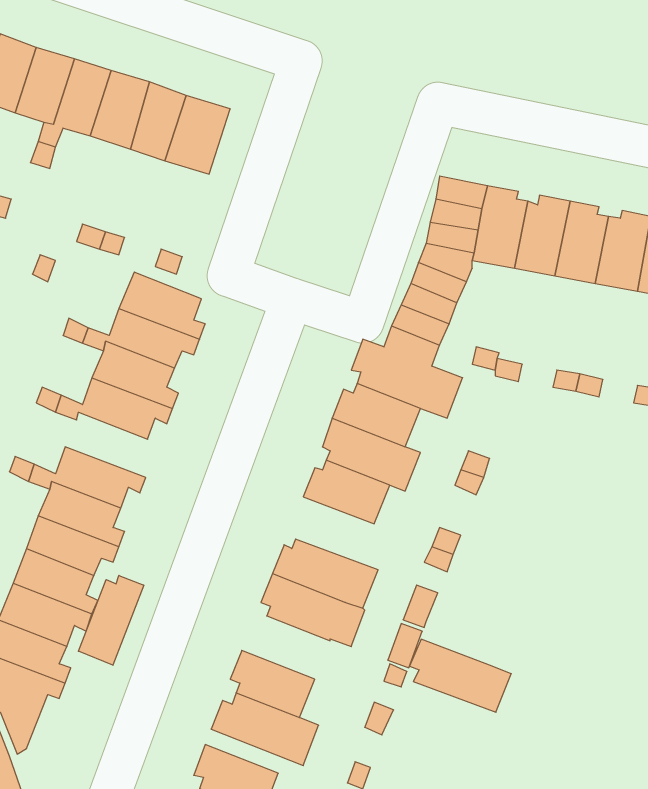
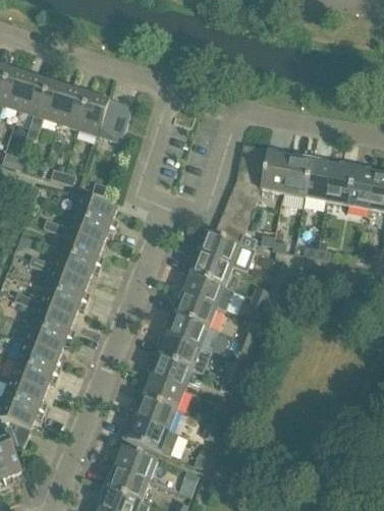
building: none -> [45,269,91,303]
building: [78,575,144,665] -> none
building: none -> [139,377,185,410]
building: [409,639,511,712] -> [165,314,219,352]

